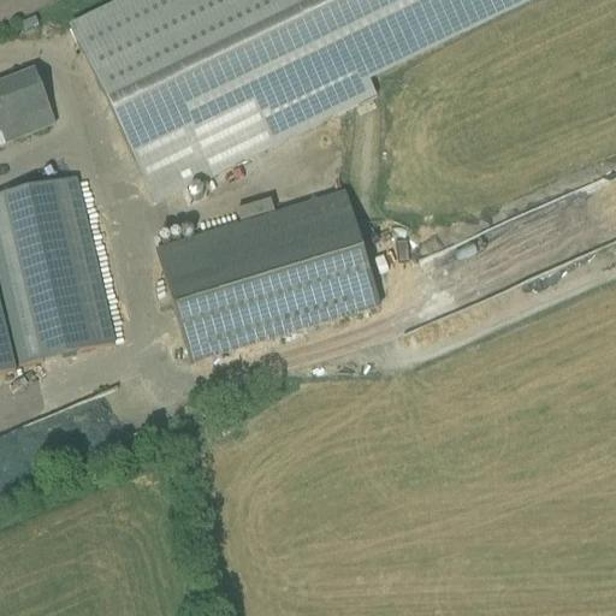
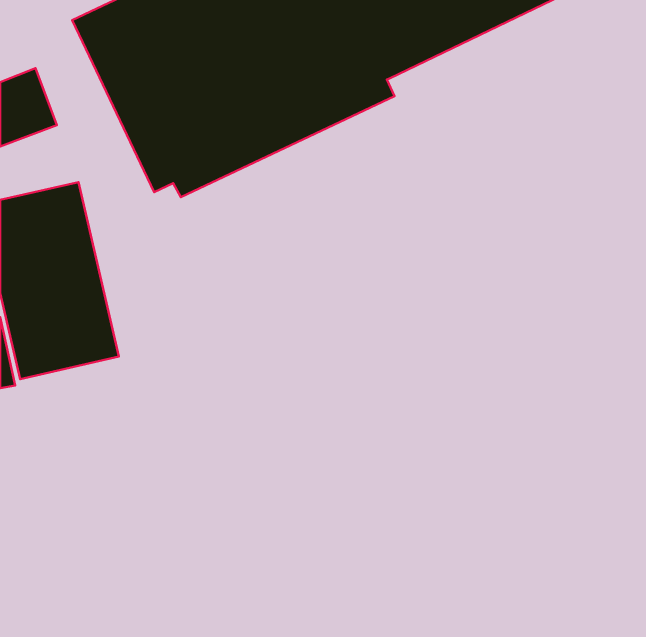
building: [155,186,379,359] -> none

